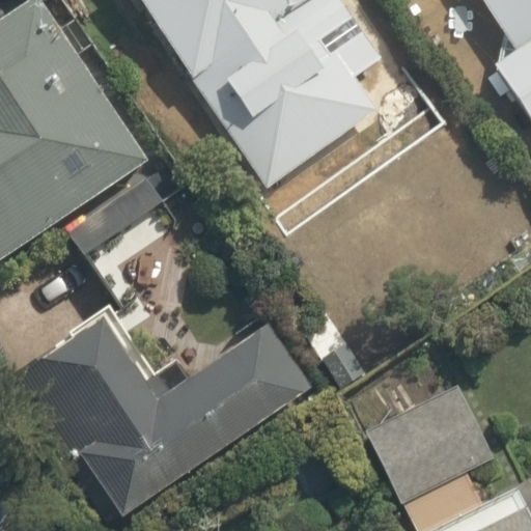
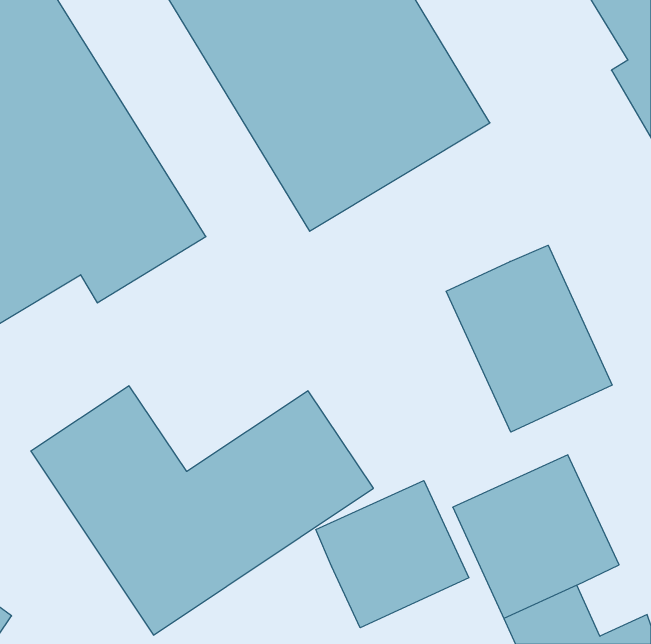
building: none -> [446,245,612,432]
building: none -> [316,481,469,628]

